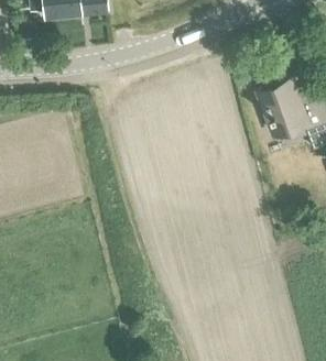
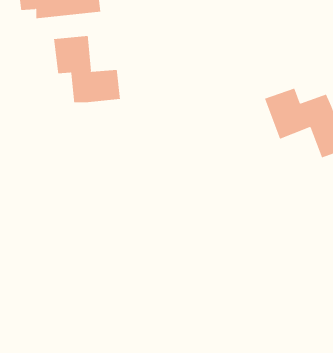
building: none -> [54,35,120,103]

